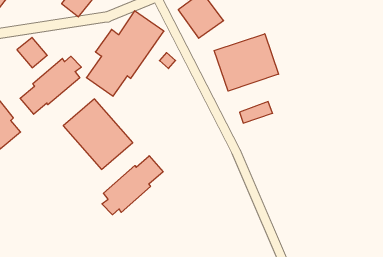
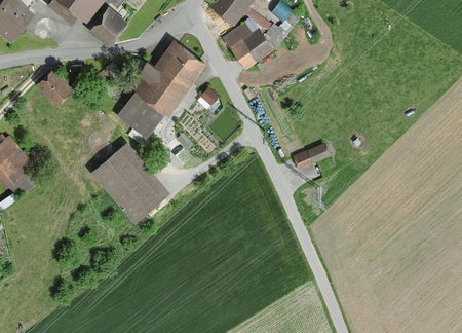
building: [214,34,279,91] -> none
building: [20,56,81,114] -> none
building: [102,156,163,215] -> none

